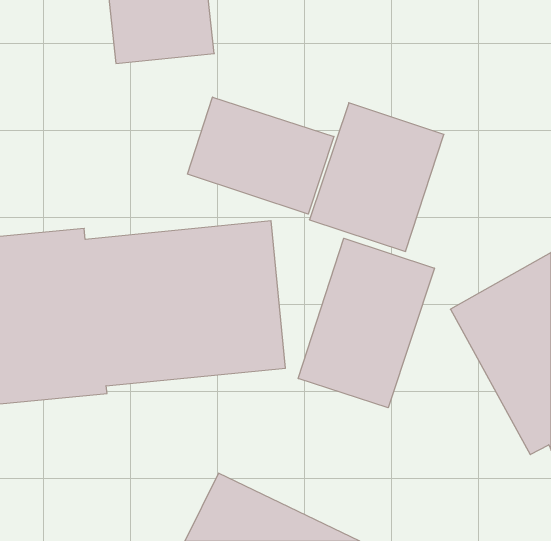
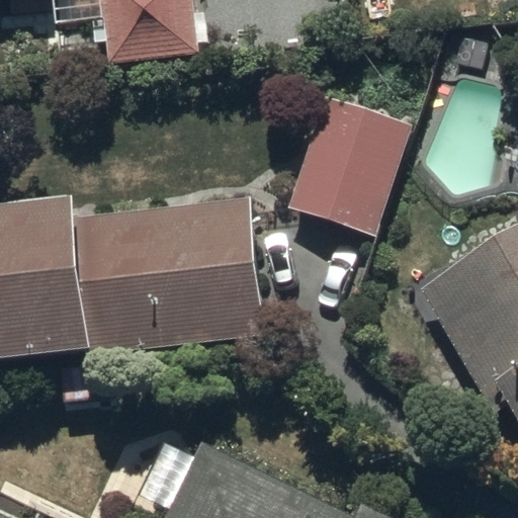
building: [188,97,334,214] -> none
building: [298,238,434,408] -> none

